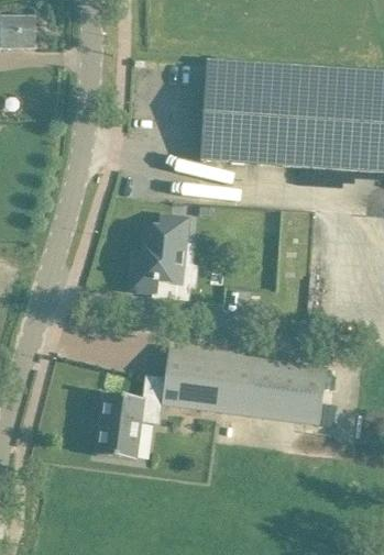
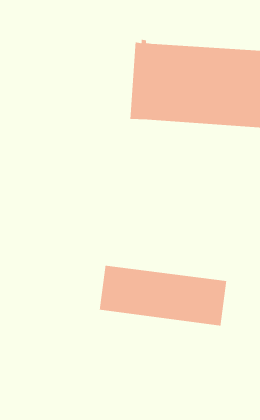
building: [130,215,190,290] -> none
building: [97,391,156,458] -> none

